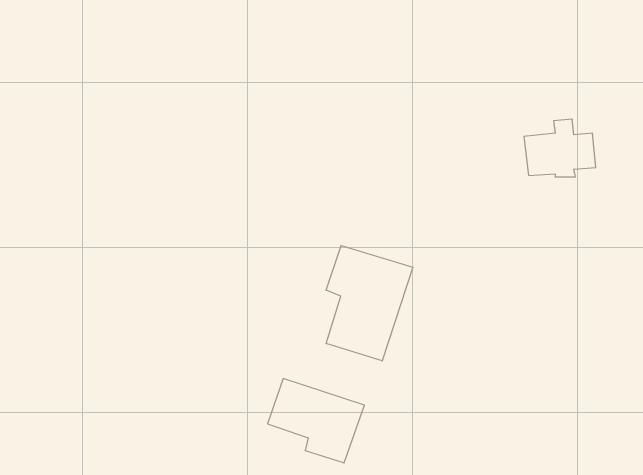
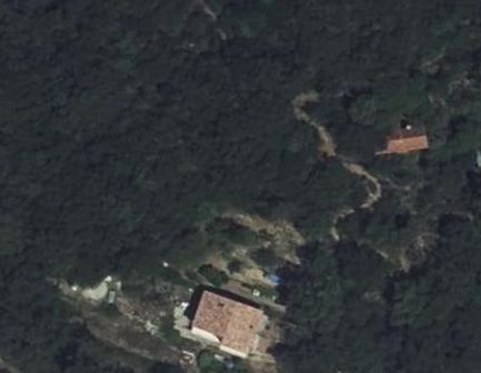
building: [326,245,413,361] -> none

